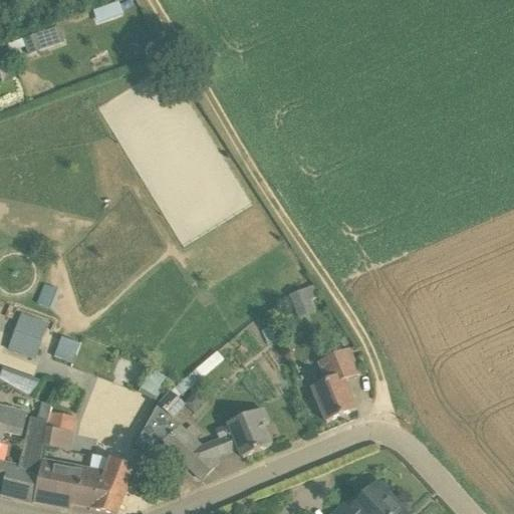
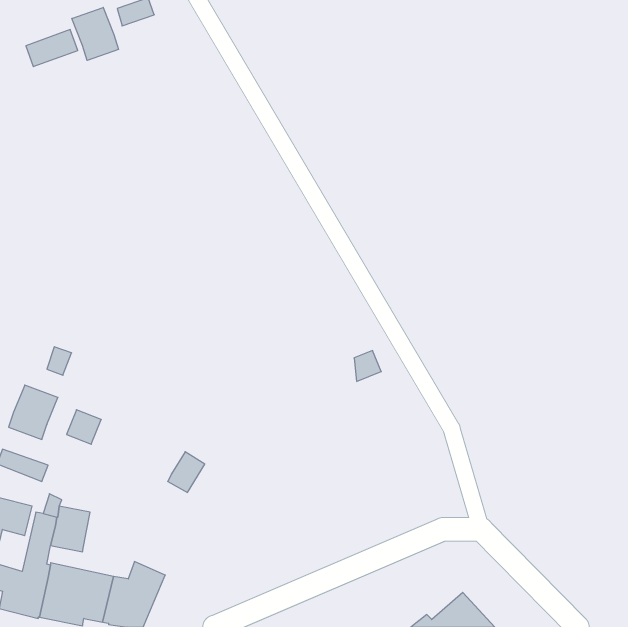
building: none -> [72,7,119,60]
building: [310,347,357,422] -> none
building: [135,391,270,479] -> none

